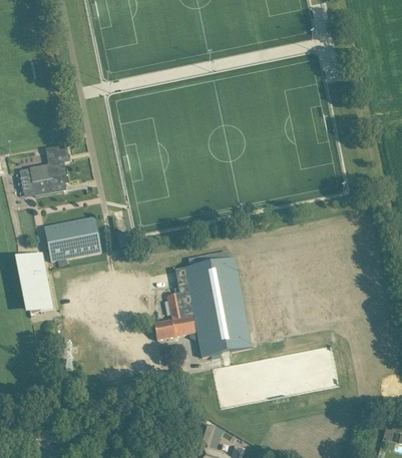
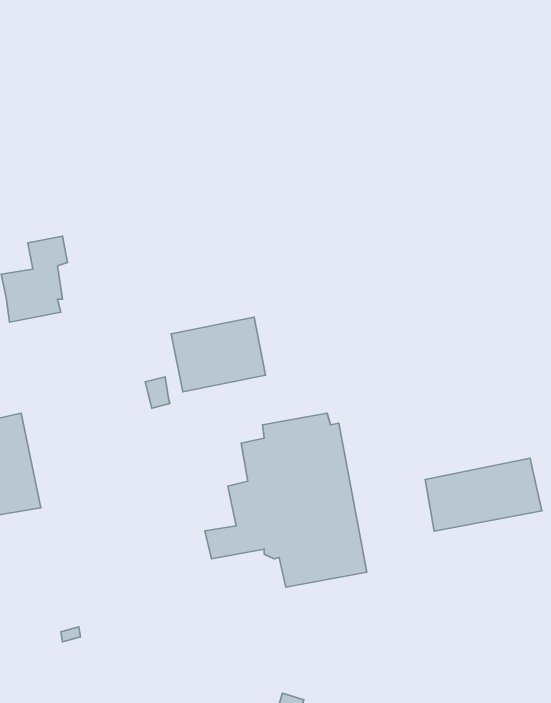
building: [44,216,101,262] -> [171,317,266,392]
building: none -> [425,458,542,531]

